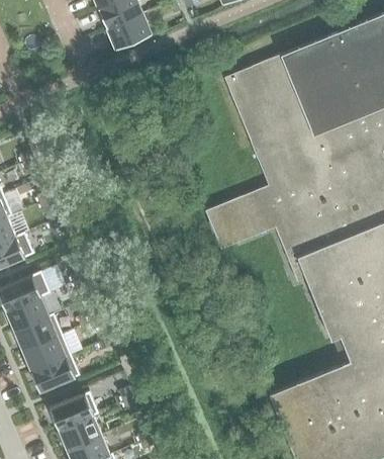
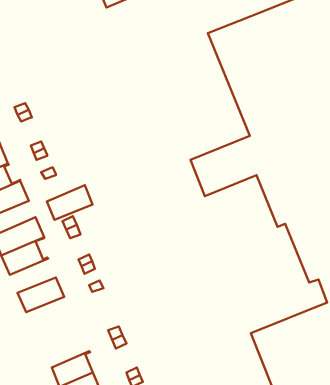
building: [14,315,63,352] -> [47,185,93,220]
building: [31,356,80,393] -> none
building: [50,392,98,431] -> none

